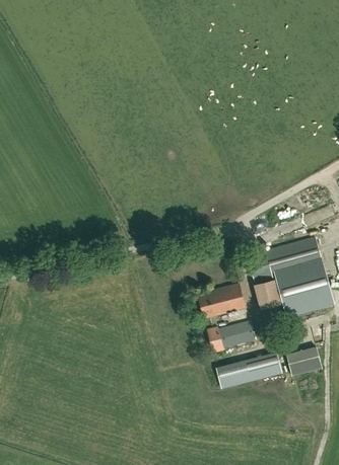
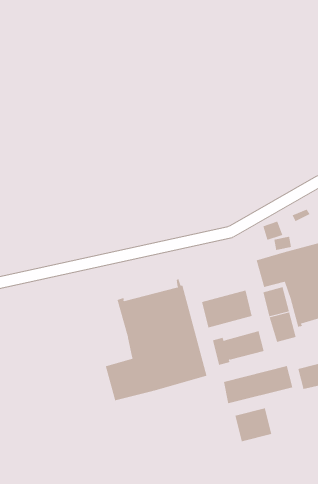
building: none -> [105,278,207,401]
building: none -> [235,408,272,442]

